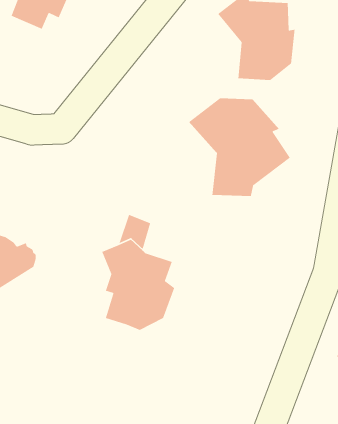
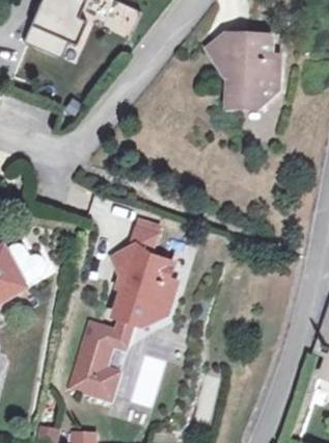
building: [188,98,291,197] -> none
building: none -> [65,318,132,401]

